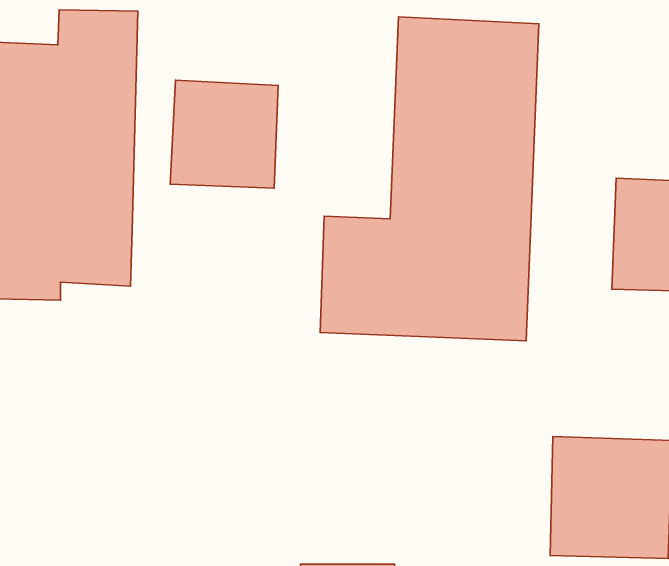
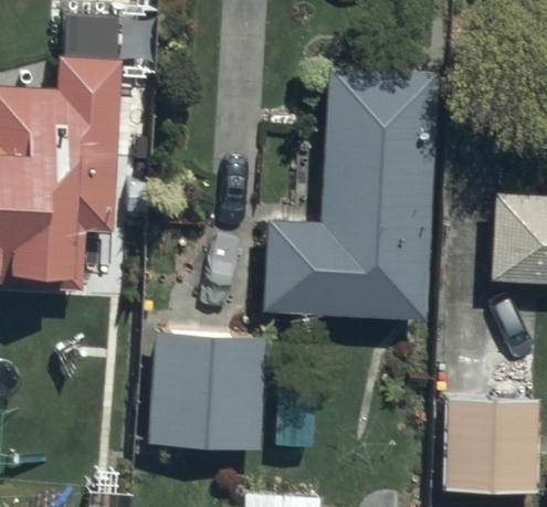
building: [170,80,278,188] -> none
building: none -> [150,330,263,448]

